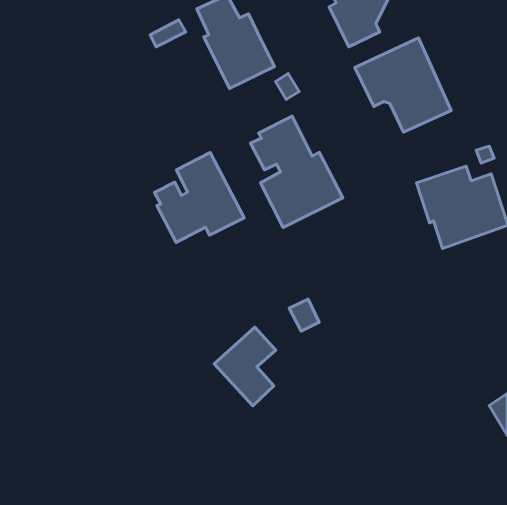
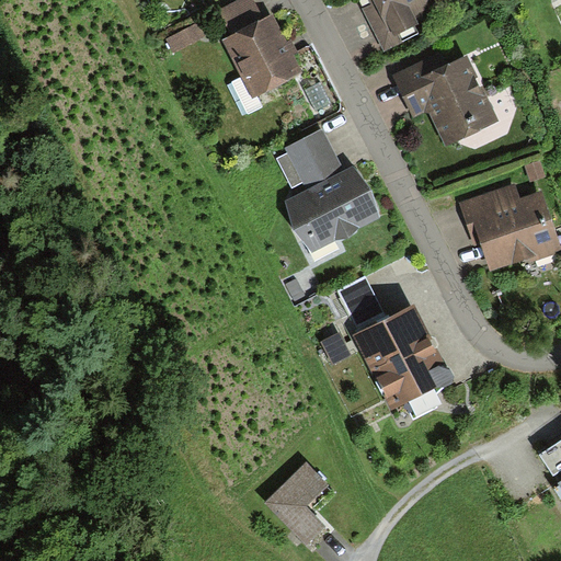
building: [155,153,244,243] -> none
building: none -> [339,276,450,412]
building: [214,327,276,406] -> [261,455,329,541]

